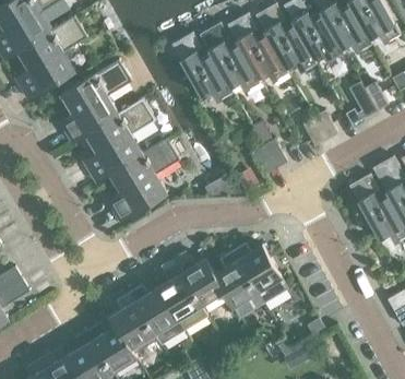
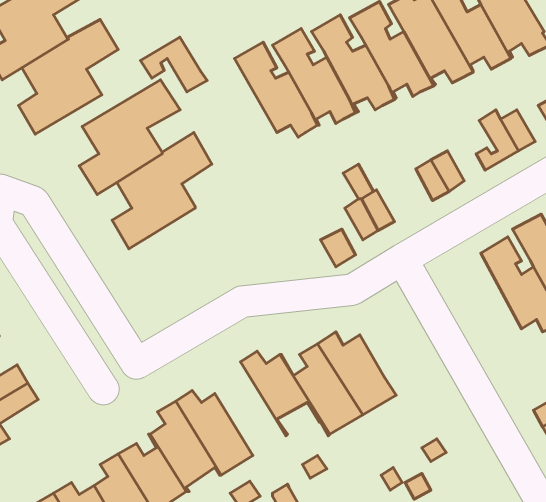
building: none -> [140,37,207,92]
building: [107,138,179,222] -> none
building: [157,264,209,332] -> none

